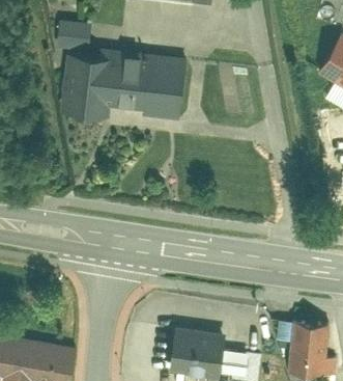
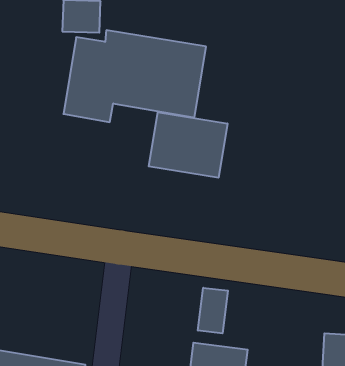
building: none -> [149,112,227,178]
building: none -> [198,288,228,333]

